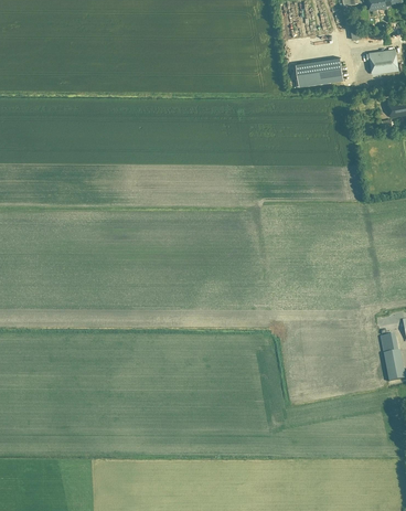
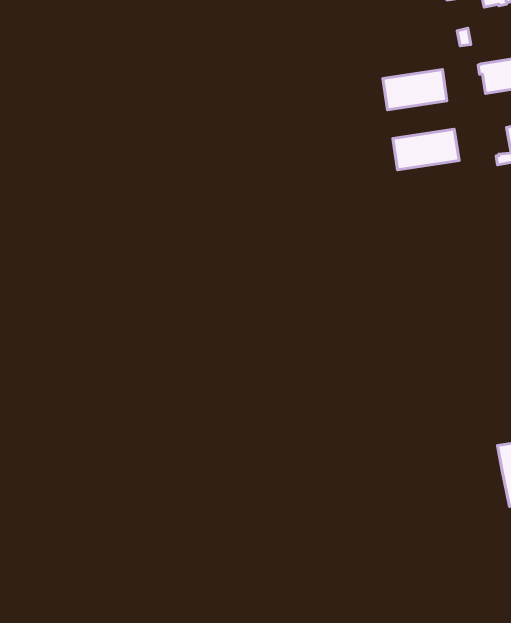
building: none -> [393,129,459,170]

